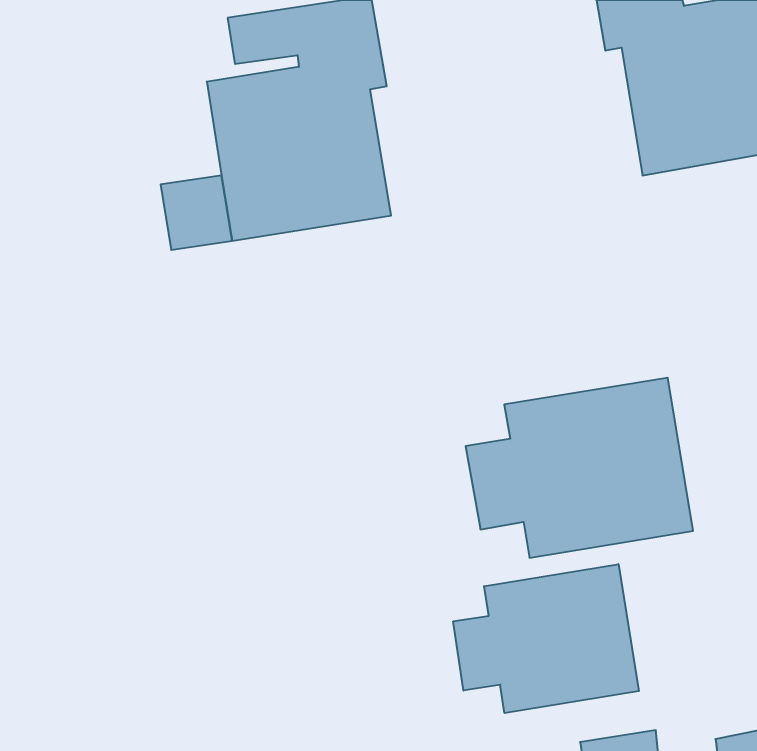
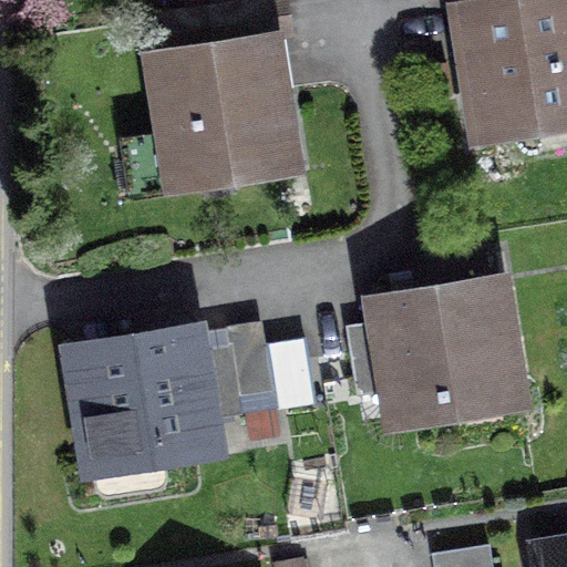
building: none -> [74,334,274,471]
building: [453,564,639,713] -> none

